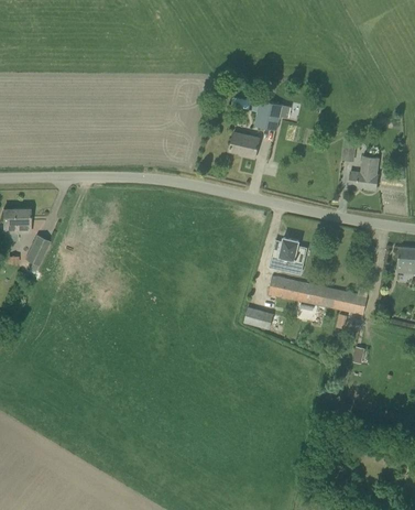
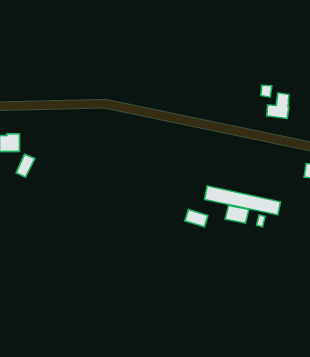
building: [254,99,282,130] -> none
building: [229,131,260,158] -> none
building: [272,237,306,267] -> none

